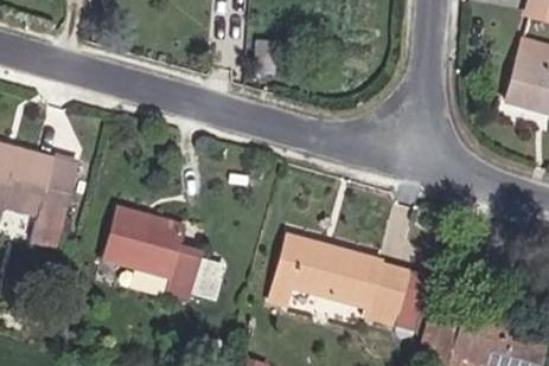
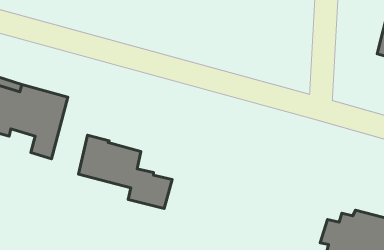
building: [269,236,410,322] -> none

